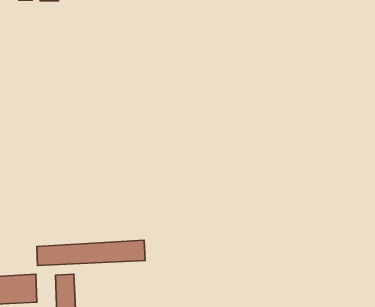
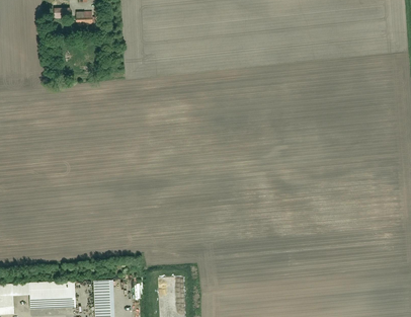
building: [37,240,145,266] -> none

